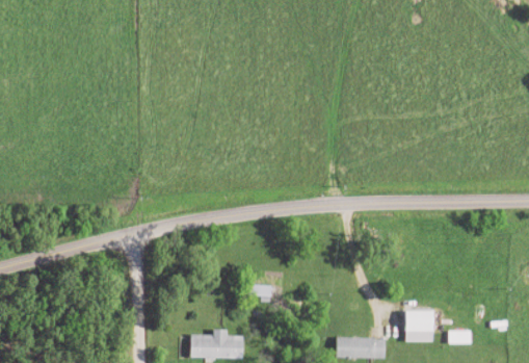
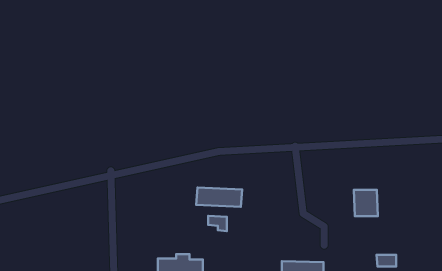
building: none -> [196,187,242,207]
building: [405,311,433,342] -> [354,190,378,216]

